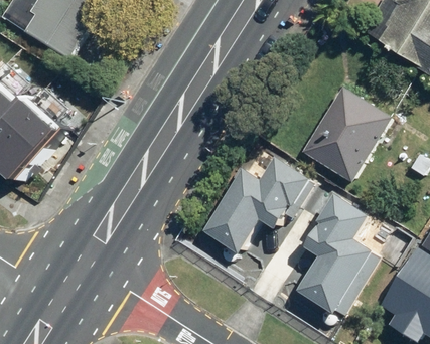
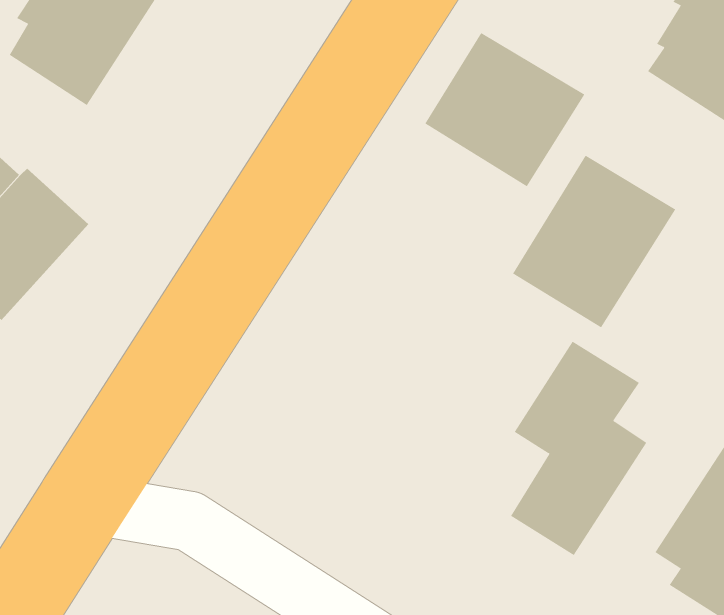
building: none -> [424,32,585,187]
building: [204,153,310,248] -> none

